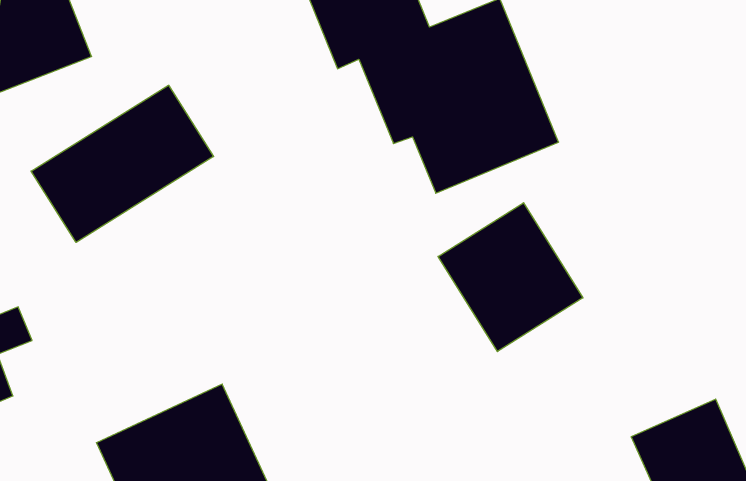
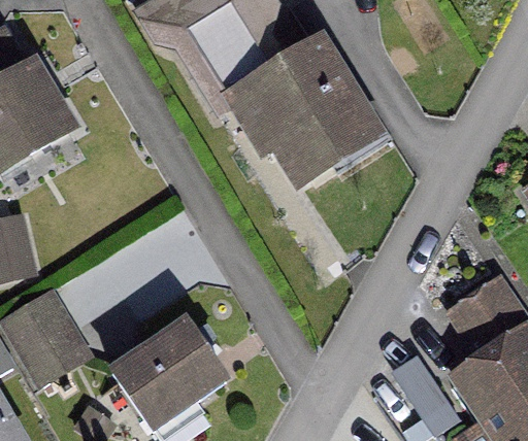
building: [31,85,214,242] -> none
building: [438,203,583,352] -> none

